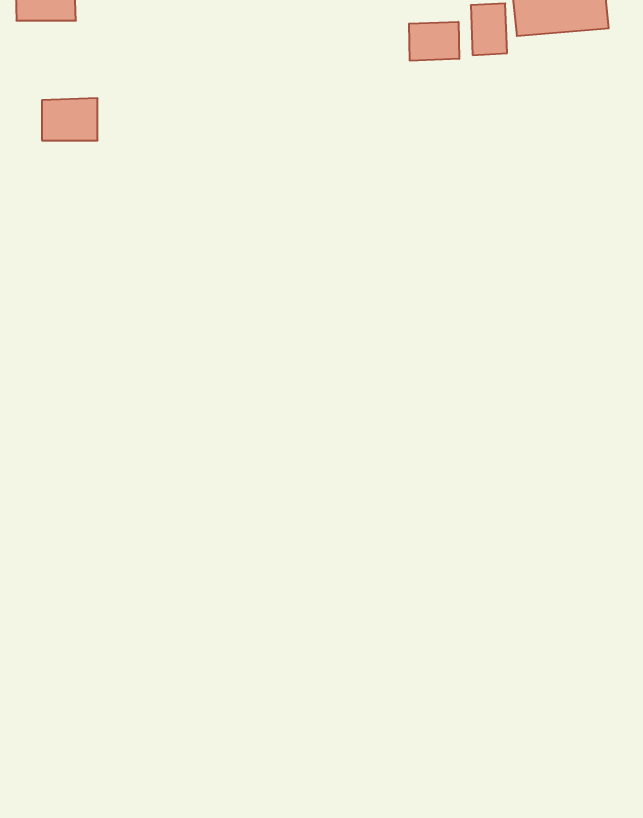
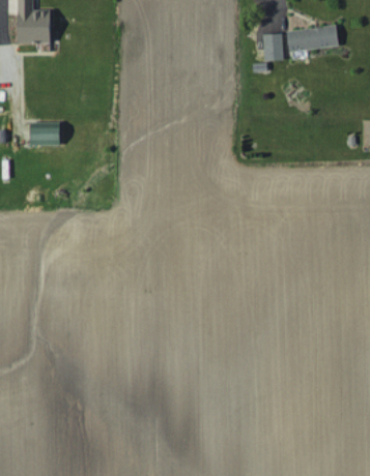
building: [409,22,459,61] -> none
building: [42,98,98,140] -> [29,122,59,145]

